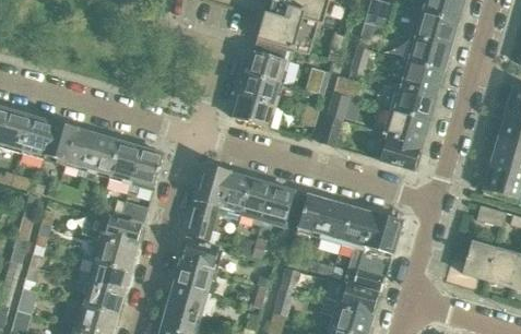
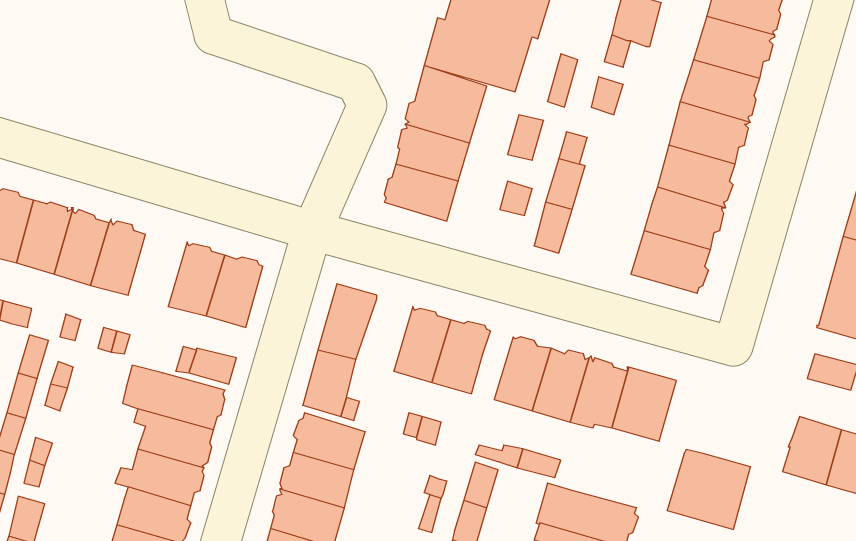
building: [86,135,120,177] -> none
building: [217,172,250,214] -> none
building: [344,244,392,290] -> [667,450,751,529]

